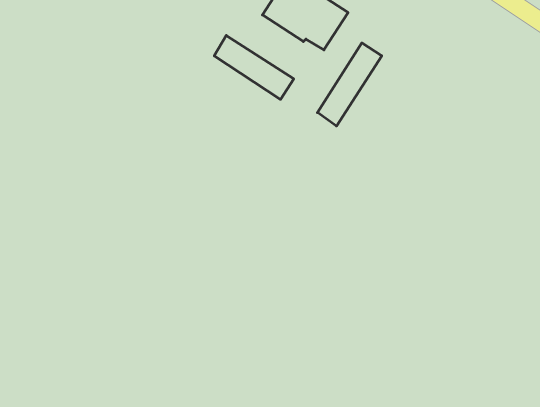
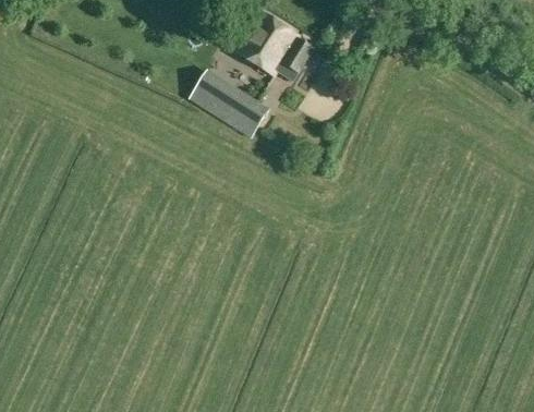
building: [317,43,382,126] -> none

